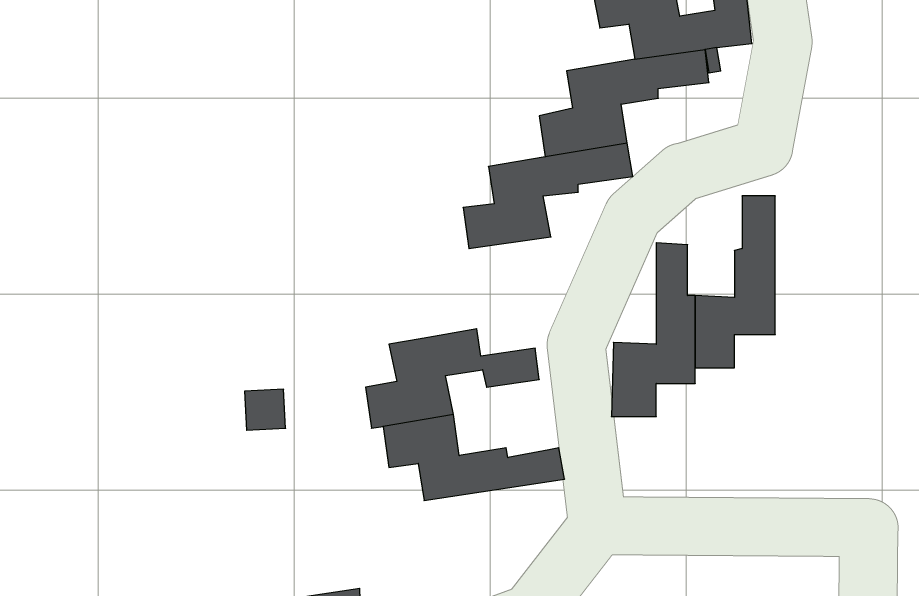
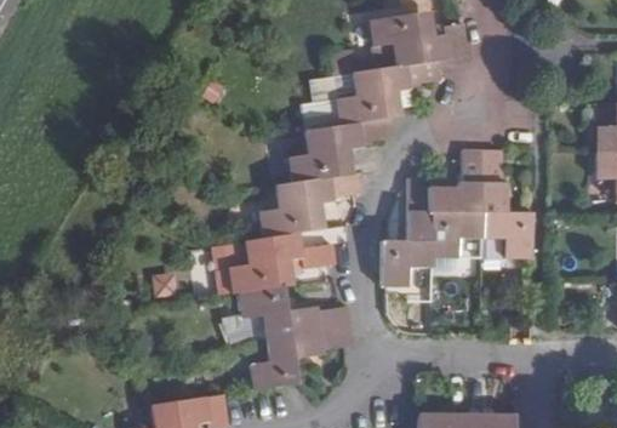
building: none -> [482,149,532,257]
building: none -> [259,171,365,238]
building: none -> [247,325,354,390]

